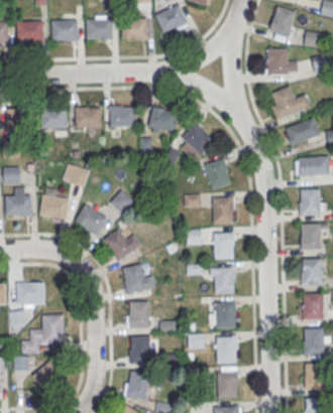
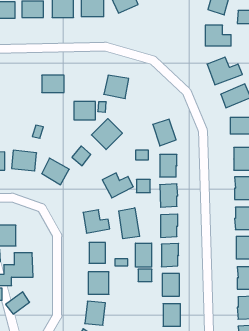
building: [110,105,135,126] -> [74,102,95,120]
building: [40,108,67,128] -> none
building: [178,123,214,159] -> [91,119,122,150]
building: [104,230,140,259] -> [102,173,133,198]
building: none -> [119,208,140,239]
building: none -> [136,243,152,267]

